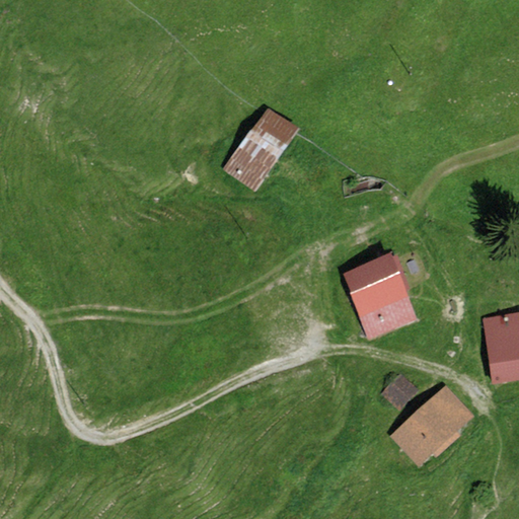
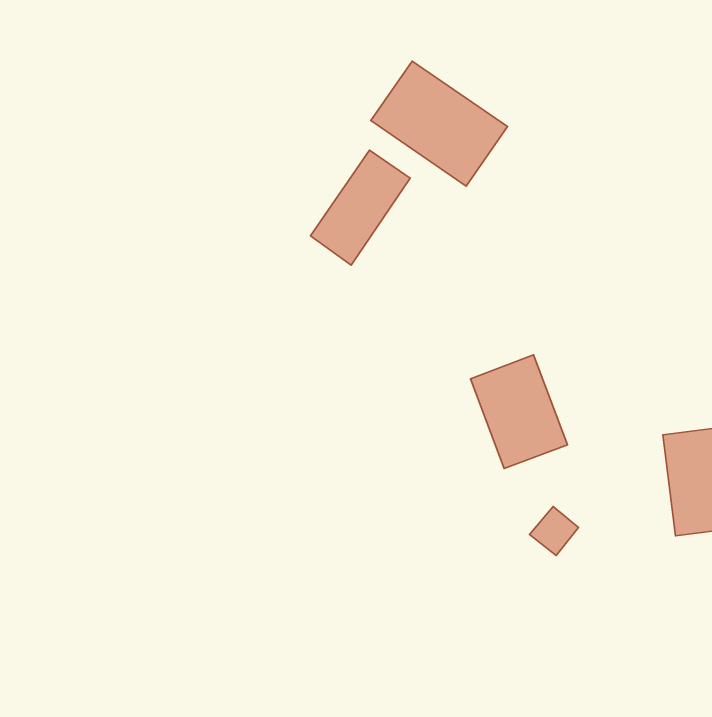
building: none -> [371,61,507,186]
building: [391,383,475,463] -> none

